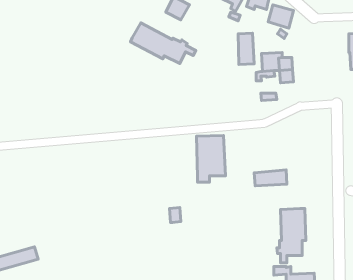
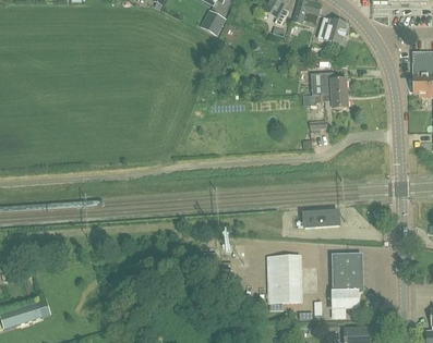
building: [130,23,196,64] -> none
building: [238,33,254,64] -> none
building: [196,135,226,182] -> [267,255,301,309]

